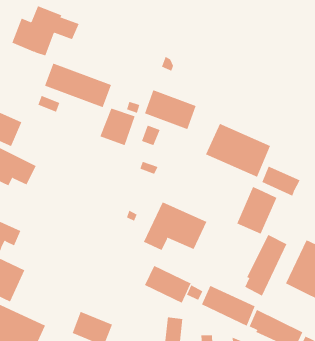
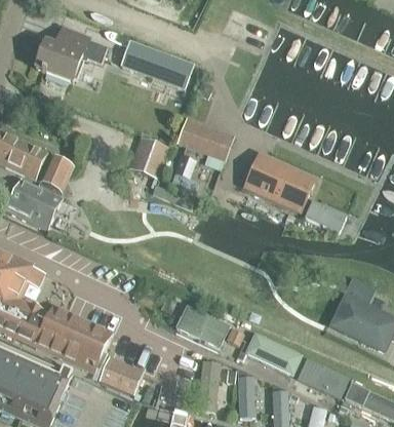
building: [44,63,112,108] -> [121,41,194,89]
building: none -> [38,155,73,192]
building: [236,186,277,235] -> none
building: [143,201,207,251] -> none
building: [245,234,287,296] -> none
building: none -> [34,305,113,368]

